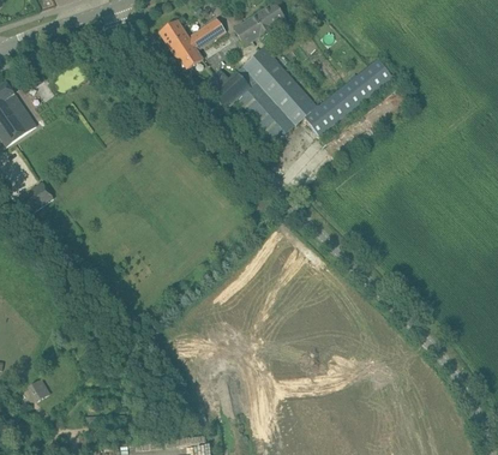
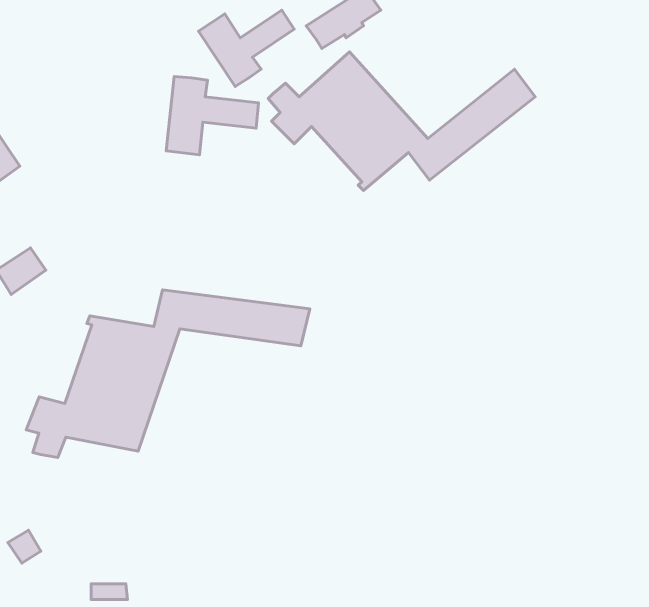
building: none -> [166,76,258,155]
building: none -> [26,290,310,457]

